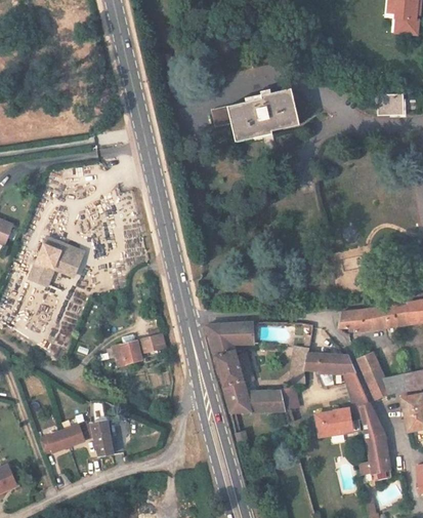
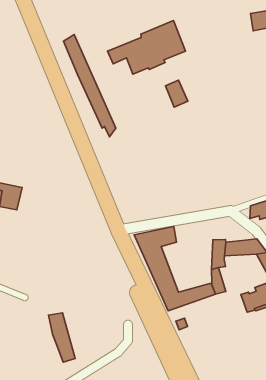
building: none -> [63,35,116,137]
building: none -> [166,80,188,107]
building: [110,328,166,366] -> none
building: [41,419,94,452] -> none

